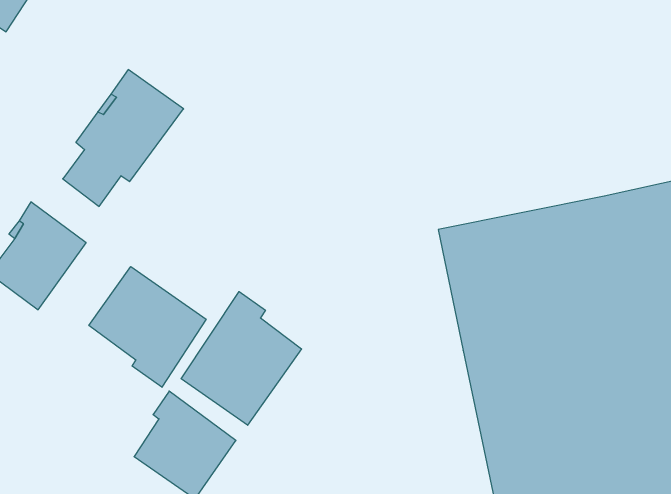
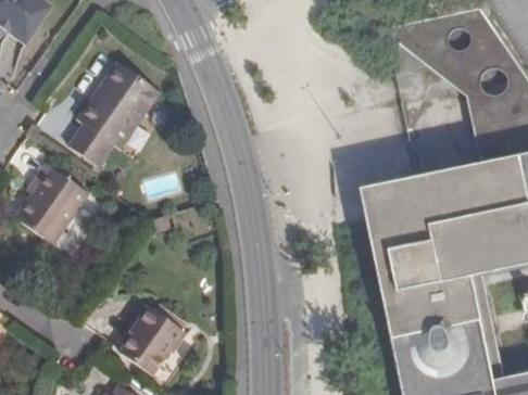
building: [89,267,206,387] -> none
building: [181,292,302,425] -> none

